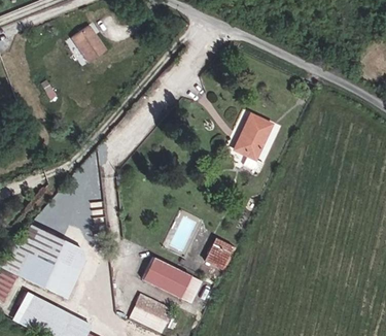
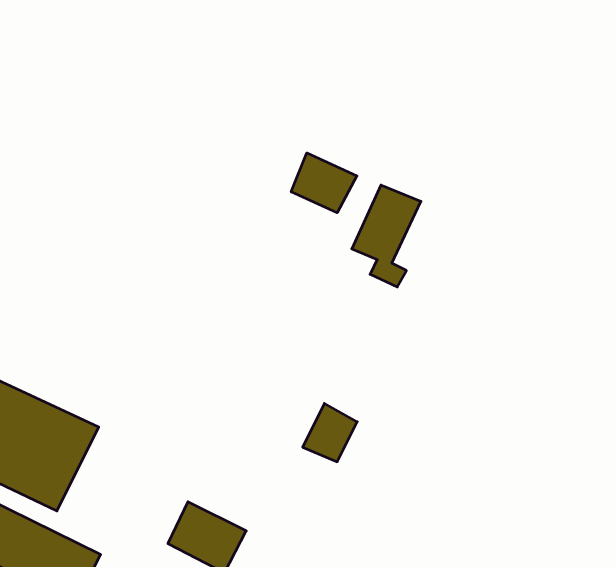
building: [71,26,104,61] -> none
building: none -> [291,153,357,213]
building: [142,257,190,297] -> none

